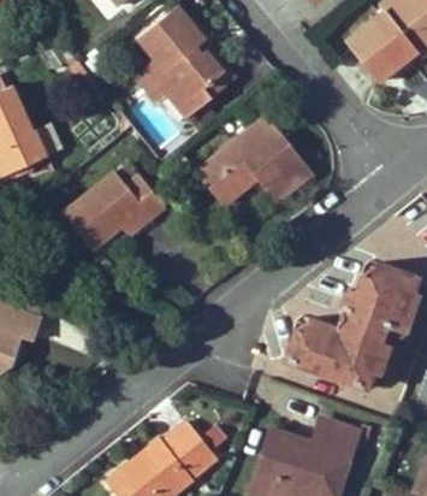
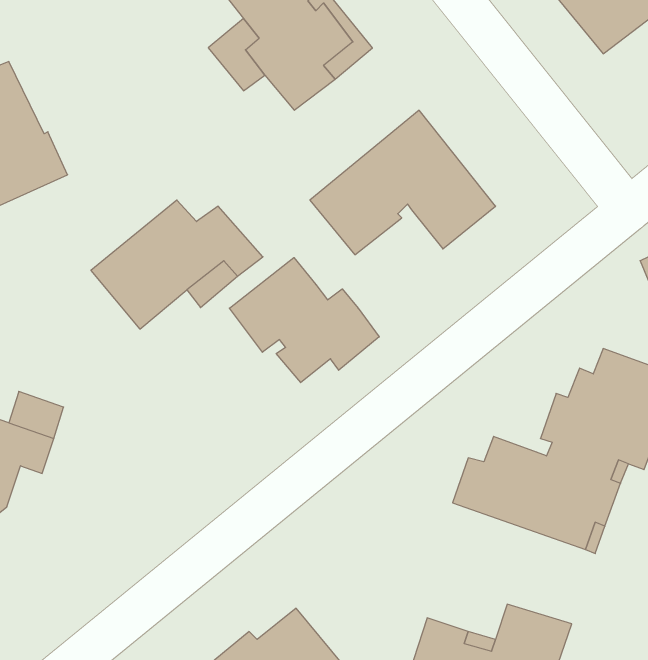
building: none -> [229,258,379,383]

